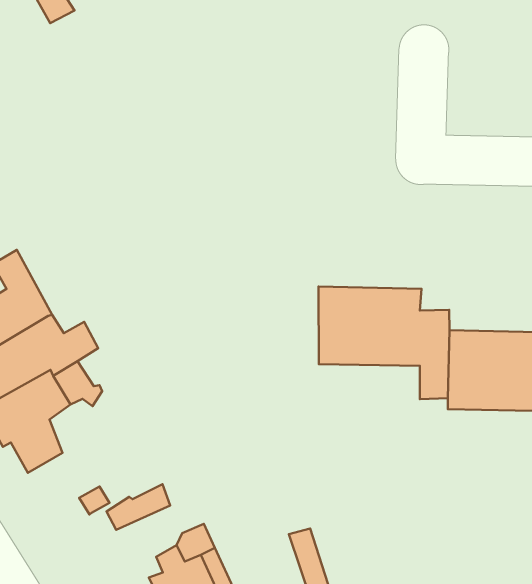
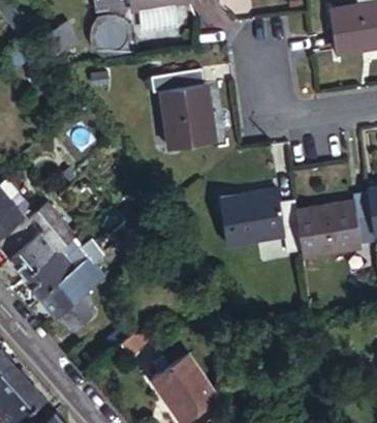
building: none -> [153,70,215,151]

